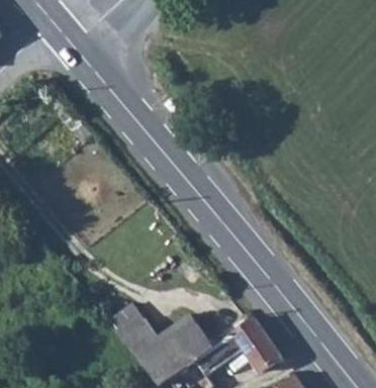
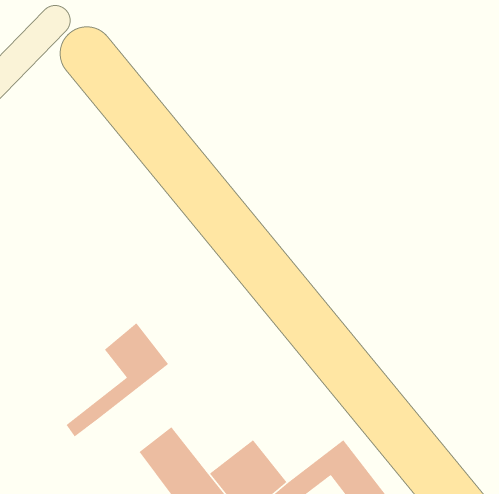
building: none -> [66,322,169,438]

